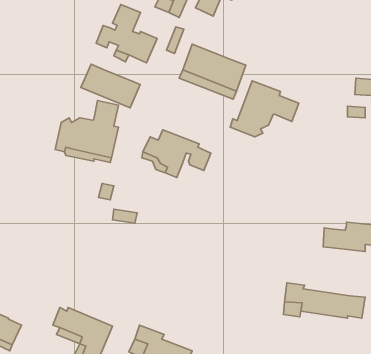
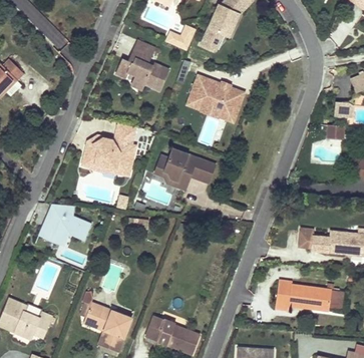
building: [81,64,140,108] -> none
building: [230,81,299,137] -> none
building: none -> [38,203,90,242]

